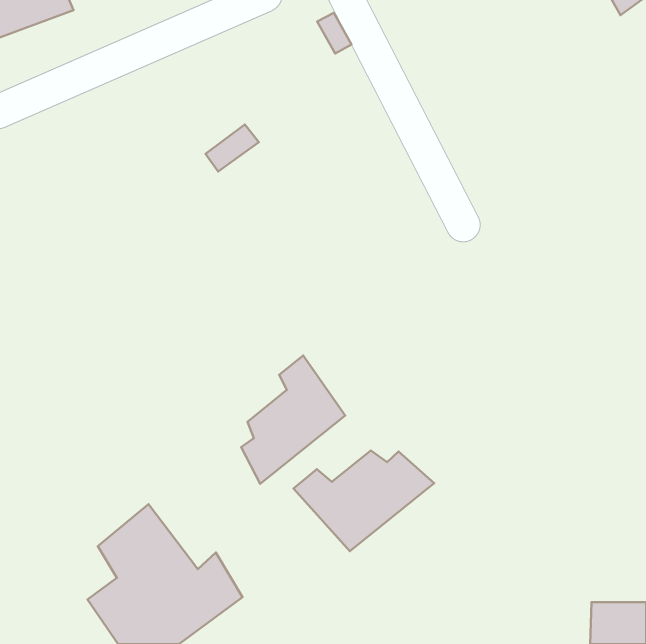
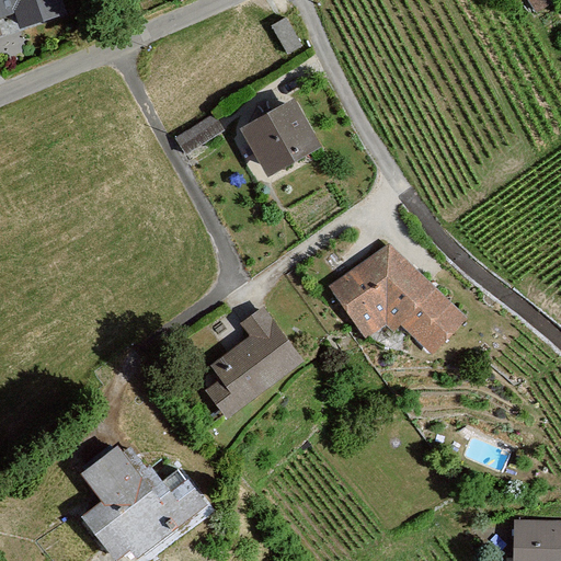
building: none -> [243,102,324,180]
building: none -> [321,242,462,352]
building: [293,450,434,551] -> none

